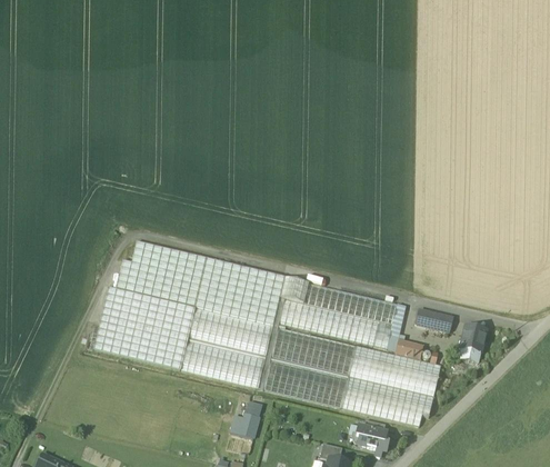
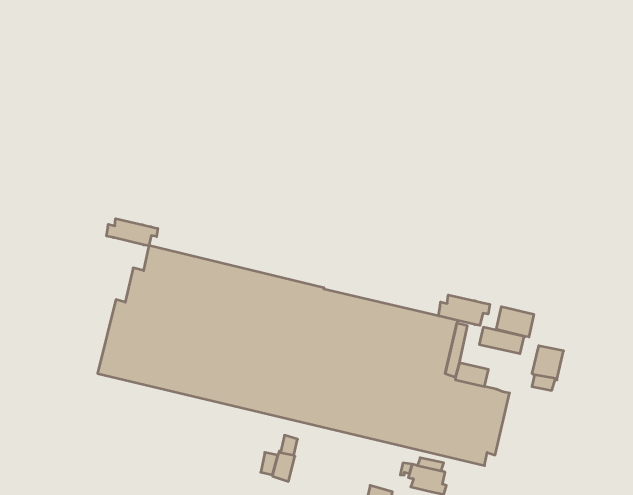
building: none -> [107,219,158,246]
building: none -> [439,295,490,325]
building: none -> [496,307,534,337]

